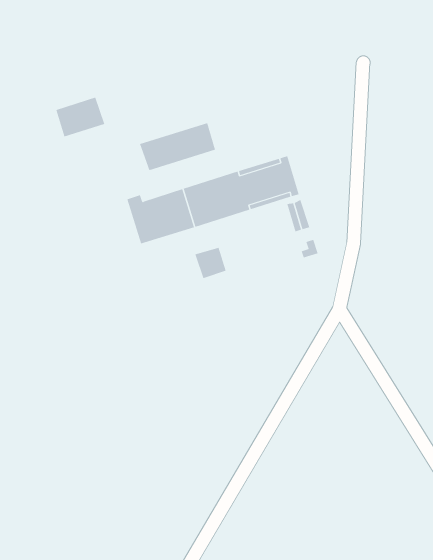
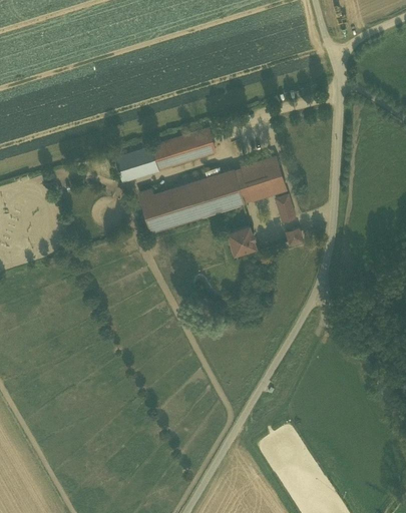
building: [56,97,105,137] -> [116,146,158,180]
building: [195,247,226,279] -> [229,226,256,253]

